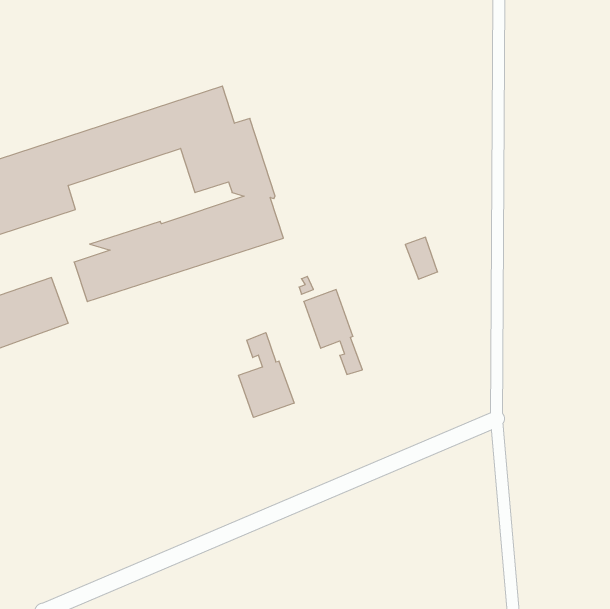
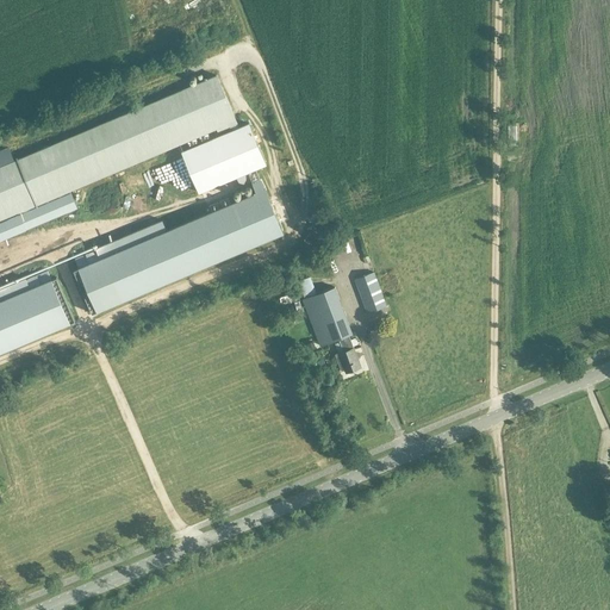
building: [405,237,438,279] -> [354,274,386,316]
building: [238,333,294,417] -> none

